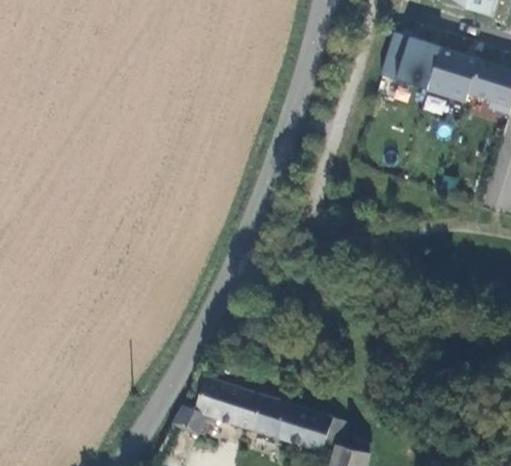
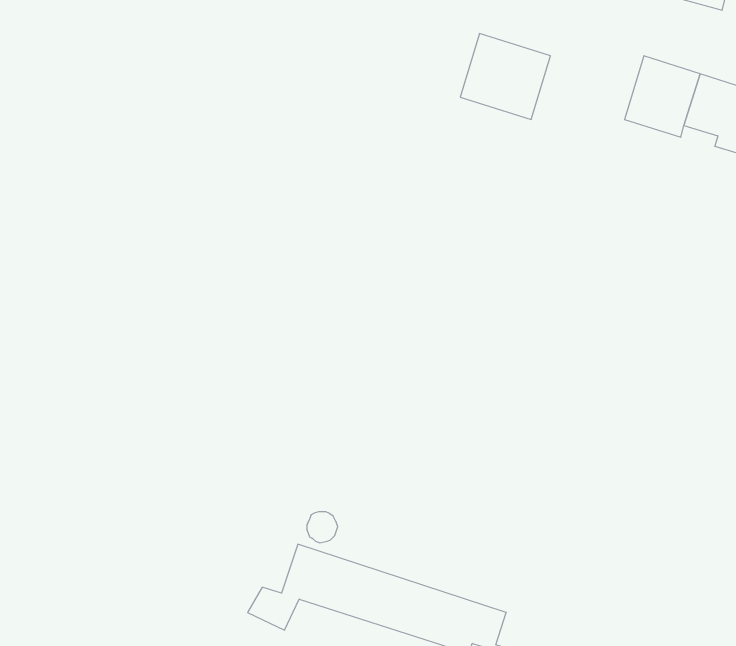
building: [381,33,442,91] -> [460,34,550,119]

